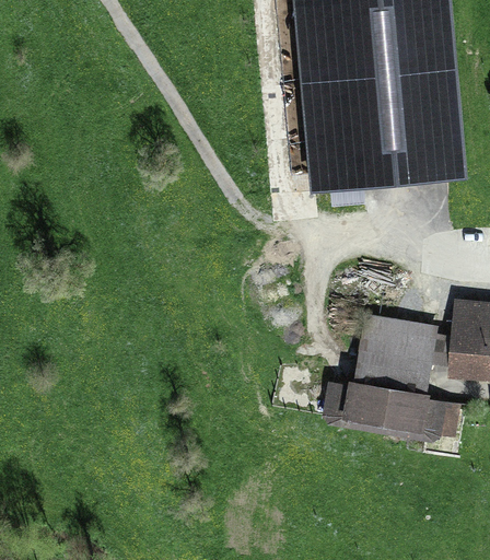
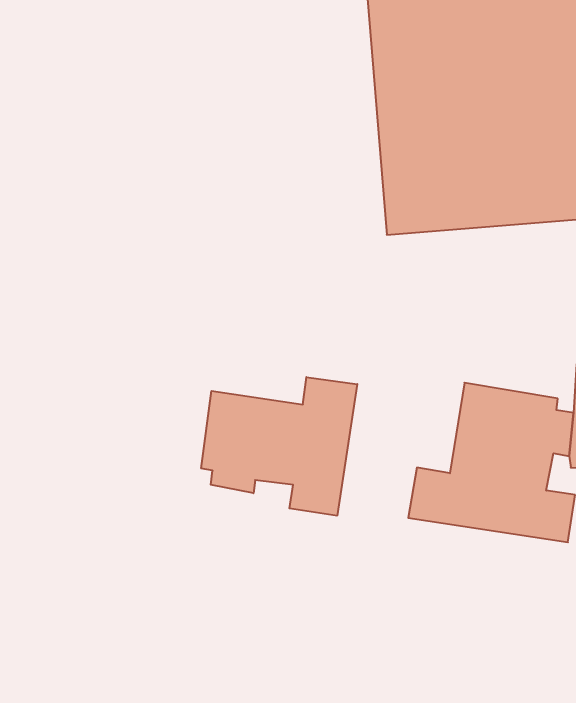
building: none -> [201,377,357,516]

